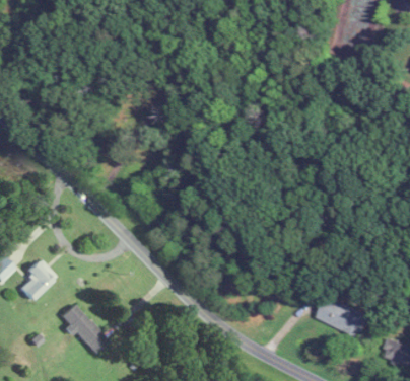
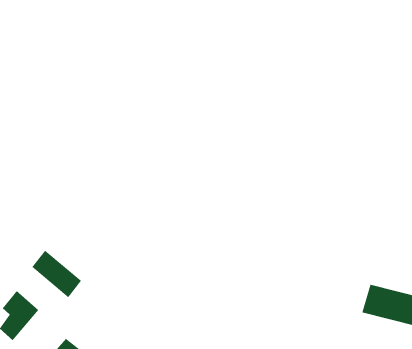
building: none -> [31,250,82,298]

